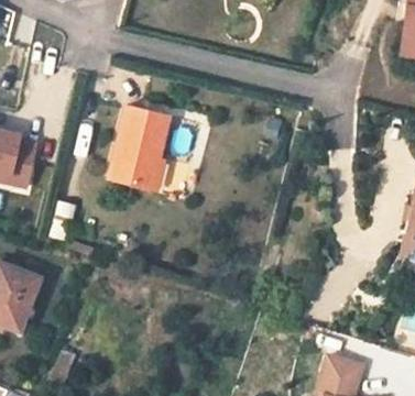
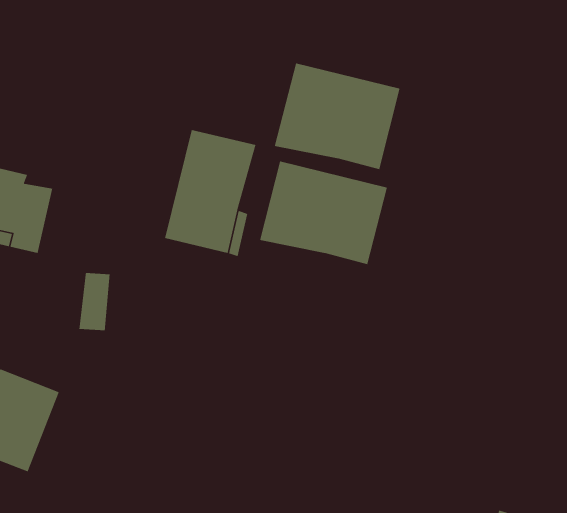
building: none -> [274,62,400,170]
building: none -> [259,161,388,265]

